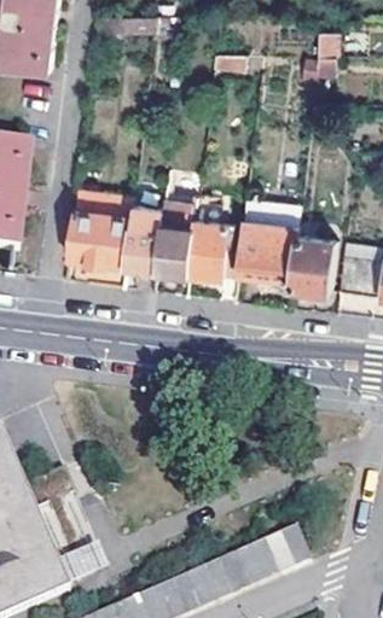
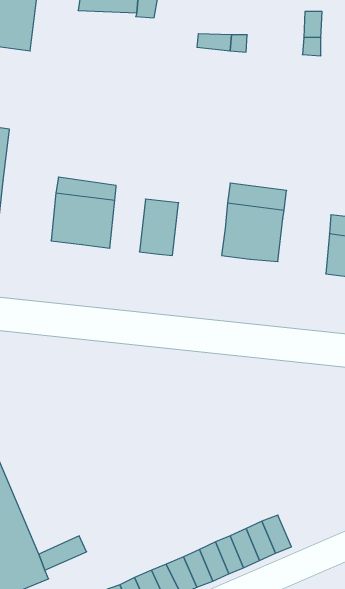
building: [127,204,163,268] -> none
building: [188,212,240,278] -> none
building: [291,235,336,290] -> none

